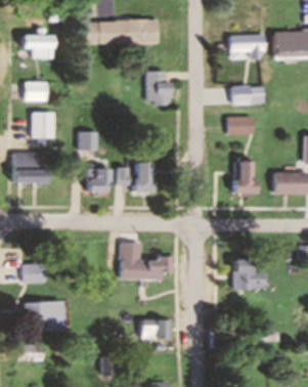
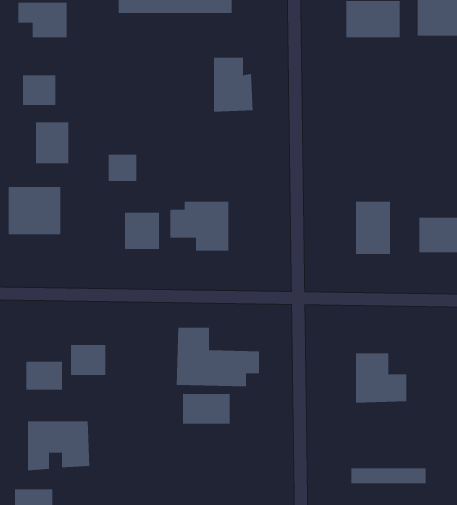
building: [230,86,263,104] -> none
building: [227,116,253,134] -> none
building: none -> [70,344,106,376]
building: [144,319,175,339] -> [182,393,231,424]

